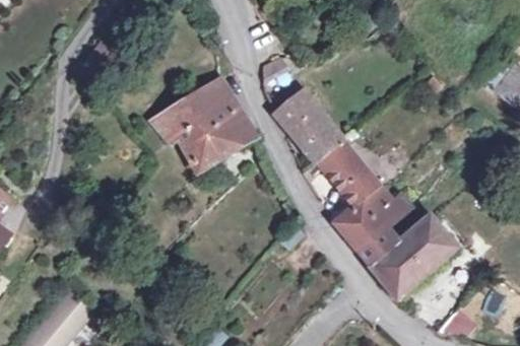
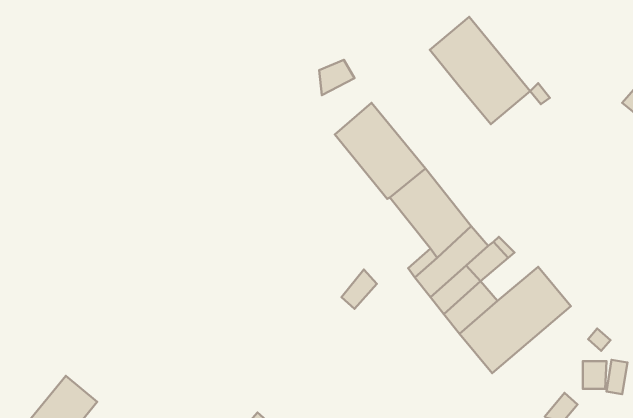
building: none -> [430,17,530,124]
building: [151,77,256,174] -> none

